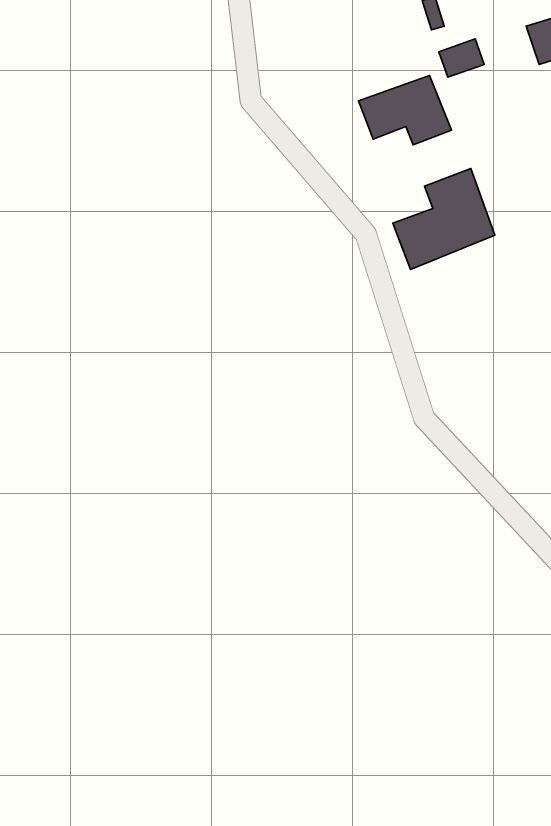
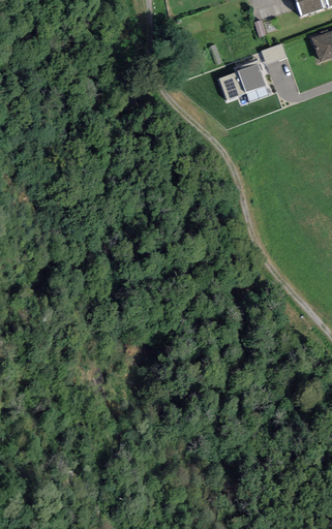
building: [393,169,495,269] -> none

